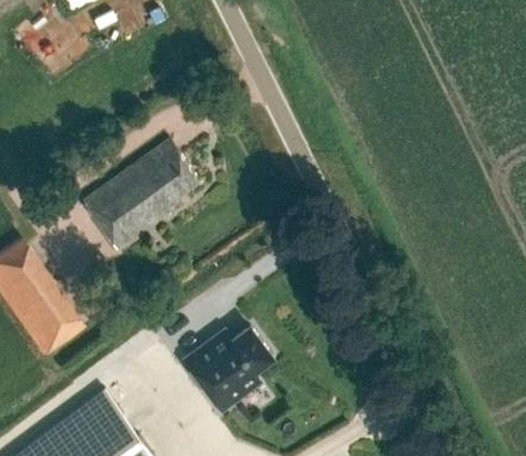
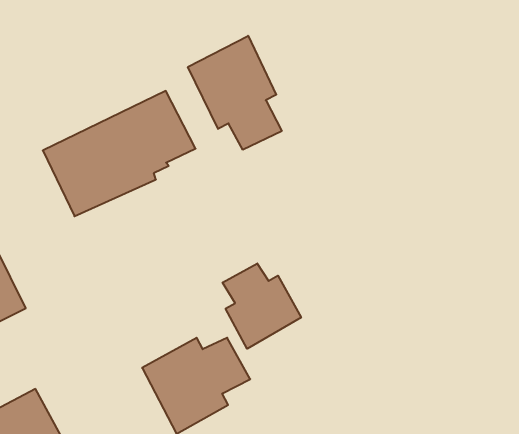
building: none -> [188,36,282,150]
building: none -> [223,263,301,349]

